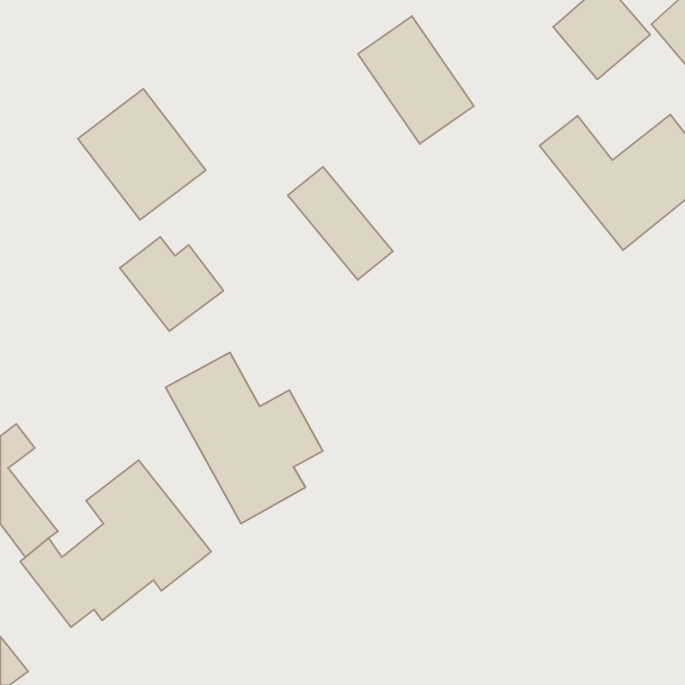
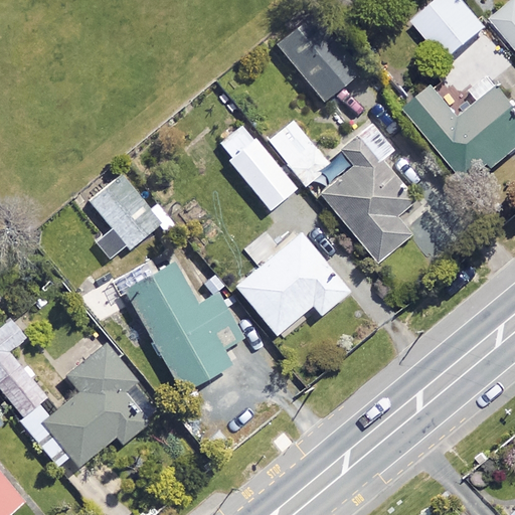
building: [78,89,206,220] -> none
building: none -> [268,120,329,184]
building: none -> [320,124,411,262]
building: none -> [236,232,348,333]

